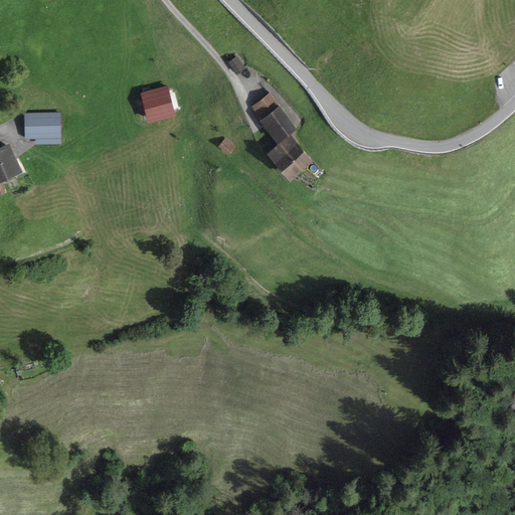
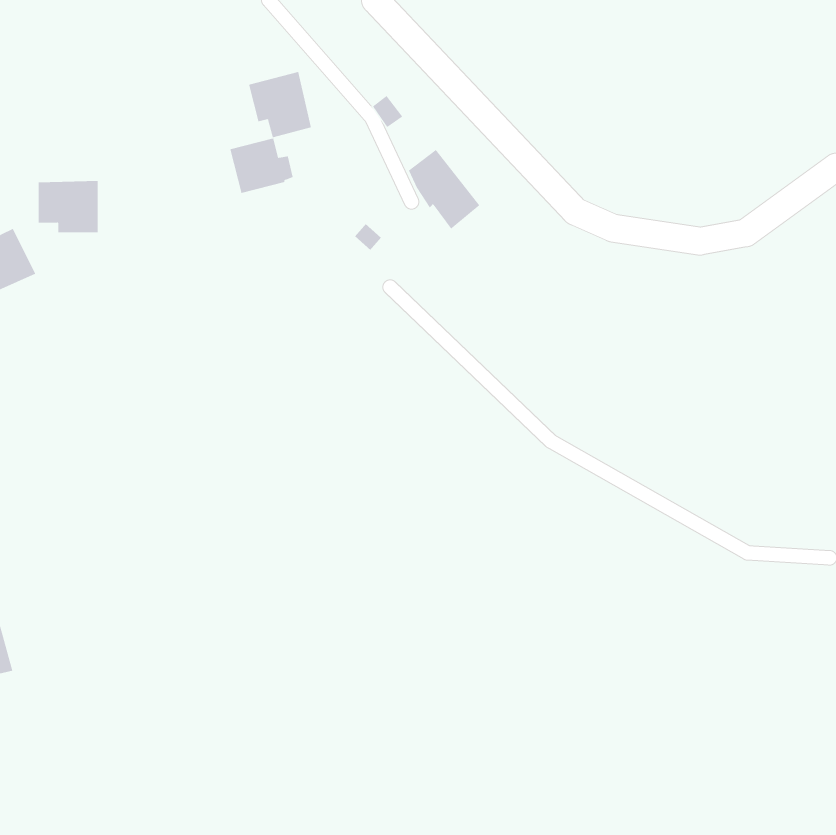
building: none -> [248,71,312,138]
building: [267,133,312,179] -> none

